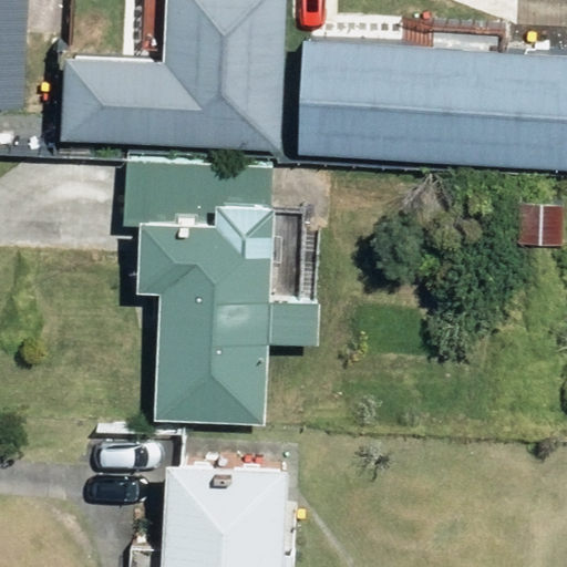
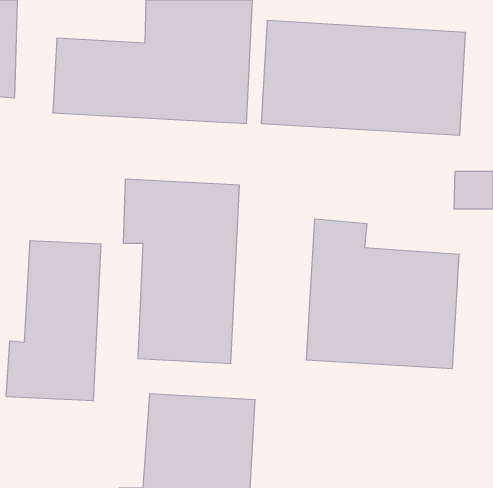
building: none -> [307,219,459,369]
building: none -> [6,240,101,401]

